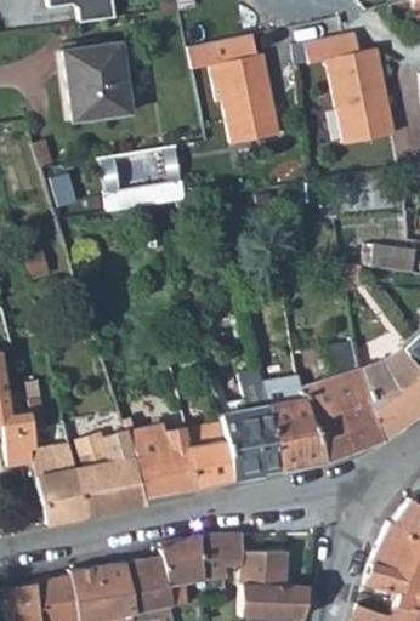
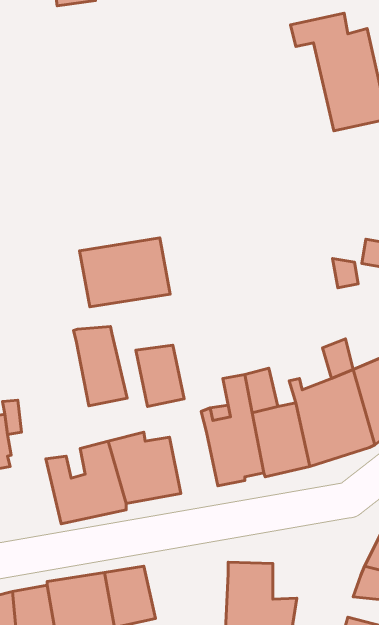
building: [188,34,280,146] -> none
building: [59,44,132,124] -> none
building: [101,146,187,211] -> [80,238,170,307]
building: [188,428,234,486] -> [136,345,184,406]
building: [34,448,85,523] -> [74,327,127,406]
building: [161,534,244,605] -> none

